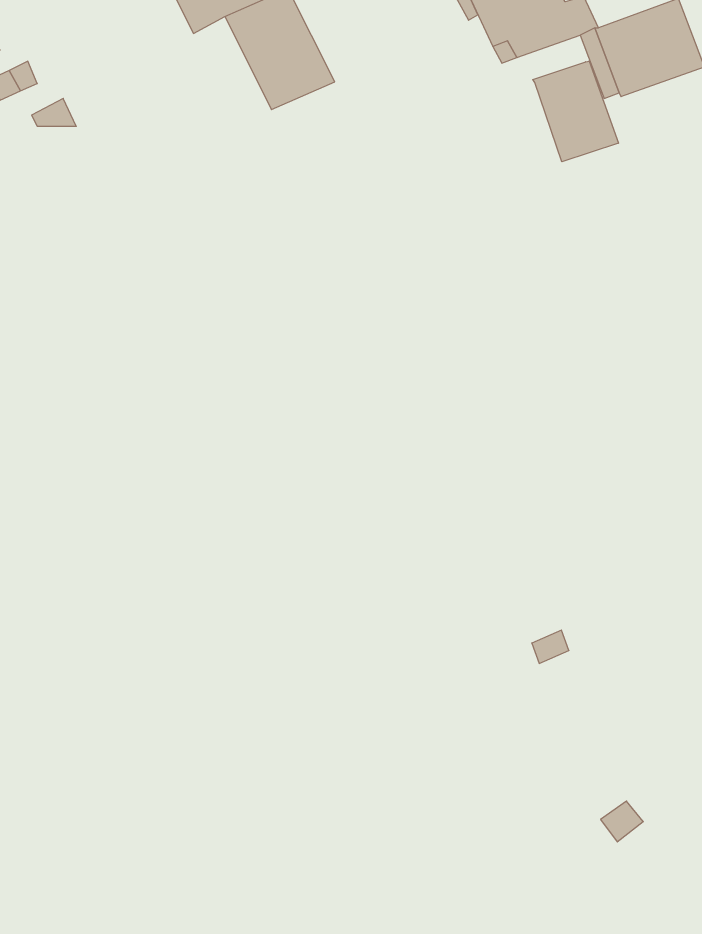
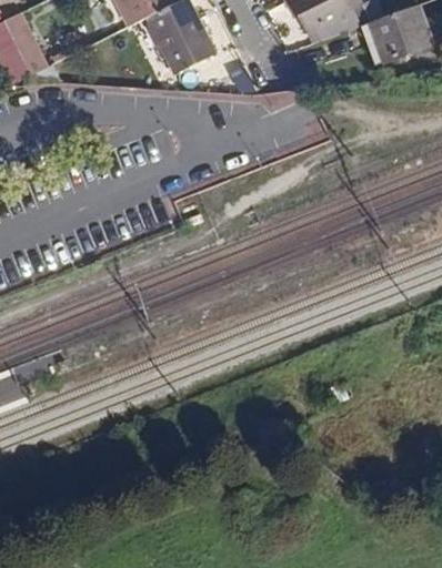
building: [533,61,618,162] -> none

